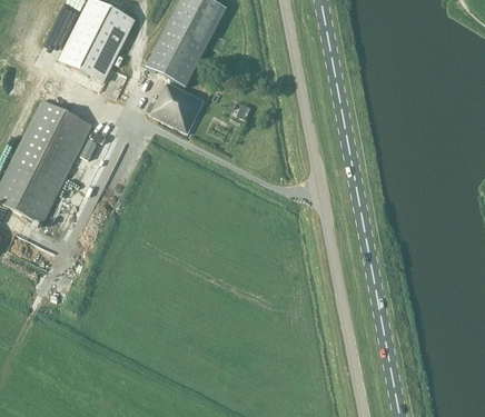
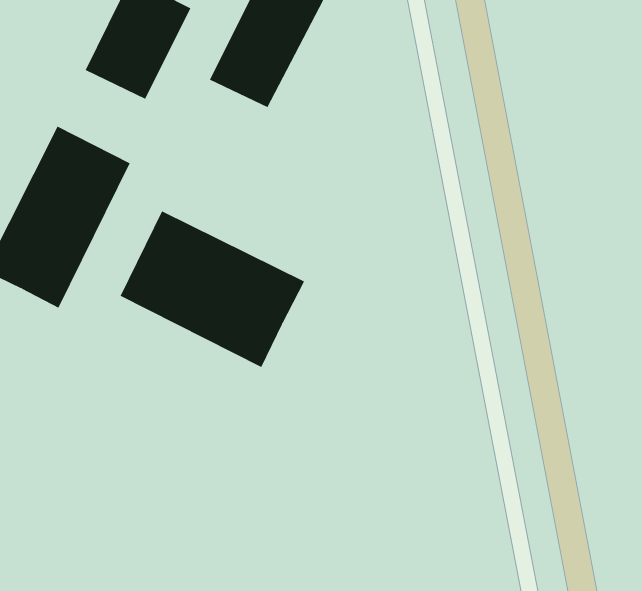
building: [145,81,204,132] -> none
building: none -> [120,211,305,368]

